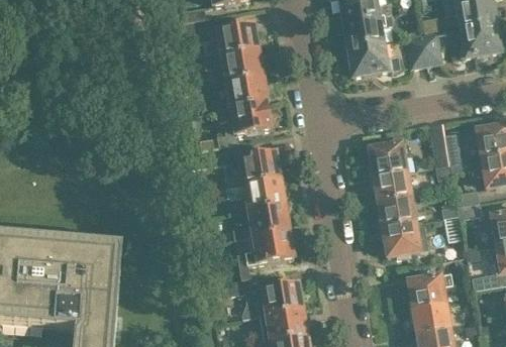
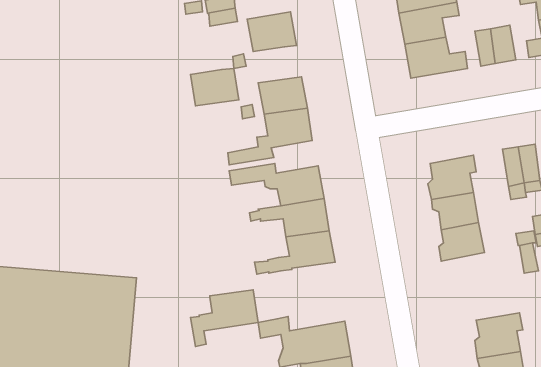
building: [221,48,262,80] -> [191,68,239,106]
building: [379,222,419,254] -> none
building: [237,230,294,277] -> [191,290,258,347]

